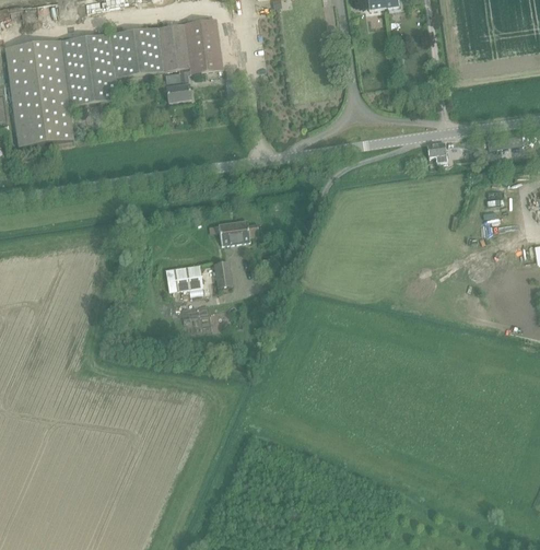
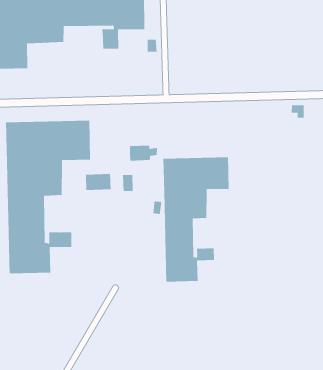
building: none -> [5,120,91,274]
building: none -> [163,157,229,282]

